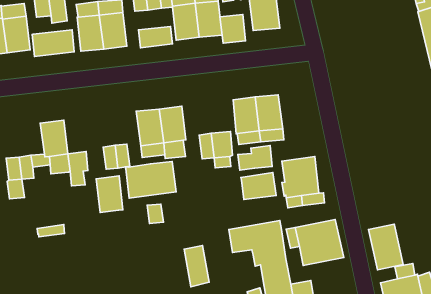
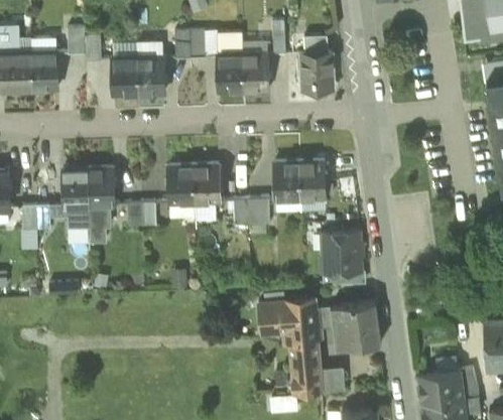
building: [220,14,245,43] -> none
building: [139,27,173,48] -> none
building: [32,30,74,56] -> none
building: [238,145,272,170] -> none
building: [125,161,176,198] -> none
building: [241,172,276,199] -> none
building: [96,176,123,213] -> [89,167,115,205]
building: [369,224,403,270] -> none
building: [184,245,209,287] -> none

